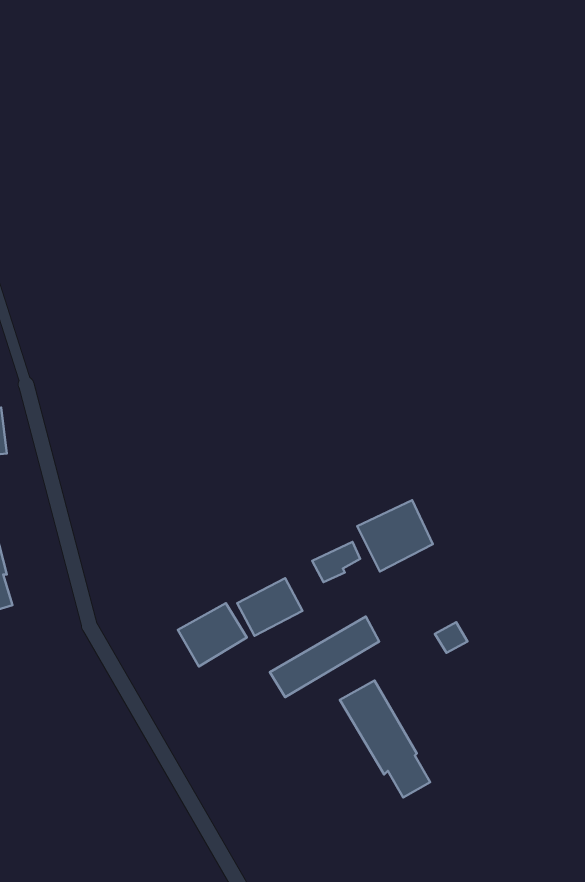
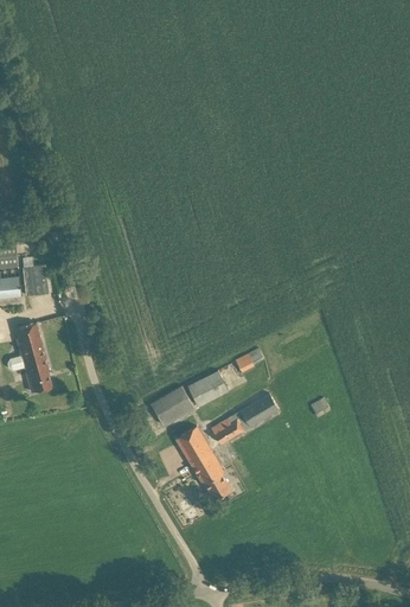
building: [357,500,433,572] -> none
building: [340,681,430,798] -> [175,426,231,498]

